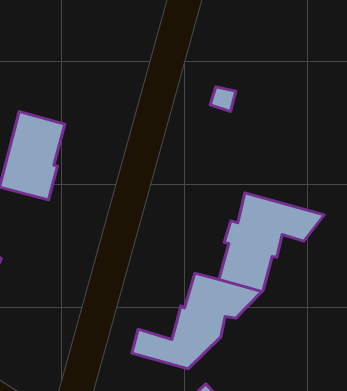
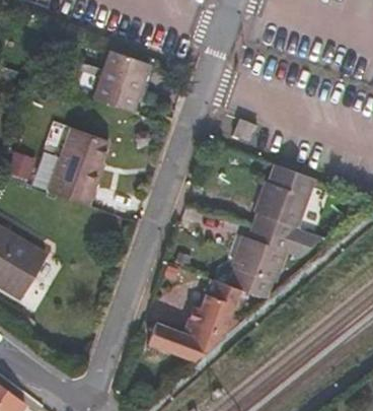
building: none -> [92,50,148,112]
building: none -> [254,165,313,226]

